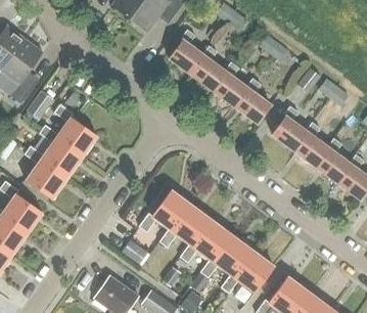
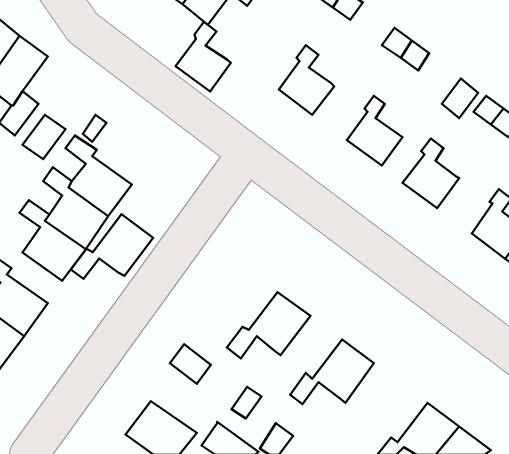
building: [170,30,205,75] -> [175,22,231,91]
building: [214,62,249,107] -> none
building: [294,123,330,168] -> none
building: [138,190,191,232] -> [71,214,153,279]
building: [179,221,233,263] -> none
building: [221,252,274,294] -> none

